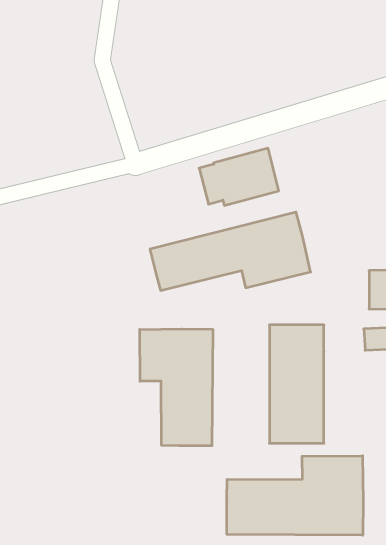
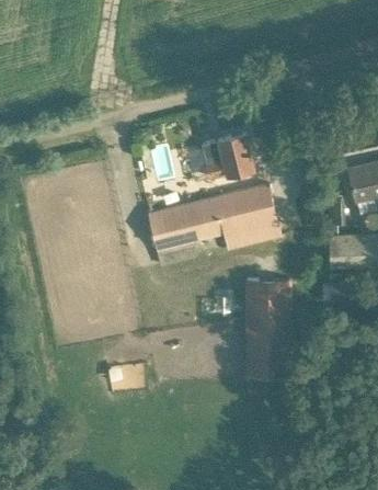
building: [140,329,213,446] -> none
building: [227,456,363,535] -> none

